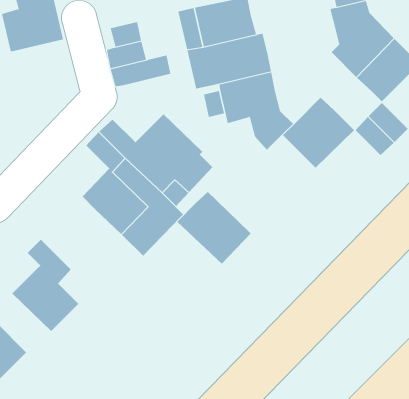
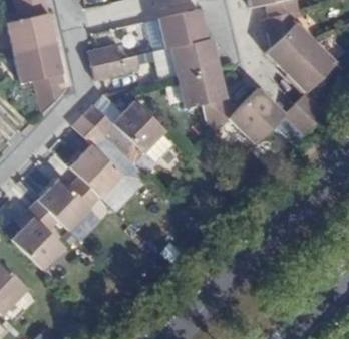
building: none -> [14,42,67,115]
building: [177,191,252,264] -> none
building: none -> [38,176,101,229]

